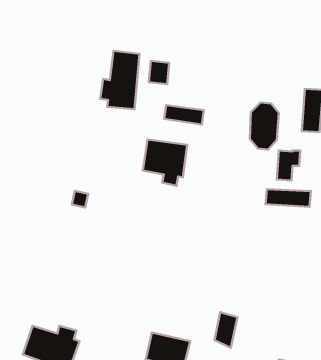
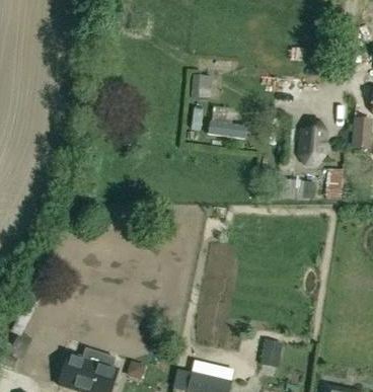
building: [100,51,139,109] -> none
building: [143,140,187,186] -> none
building: [265,189,311,207] -> none

